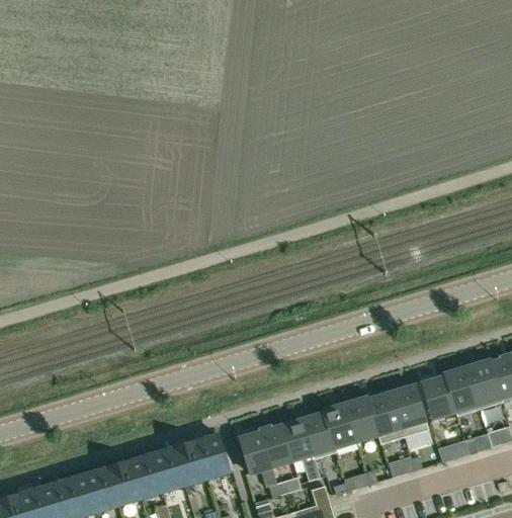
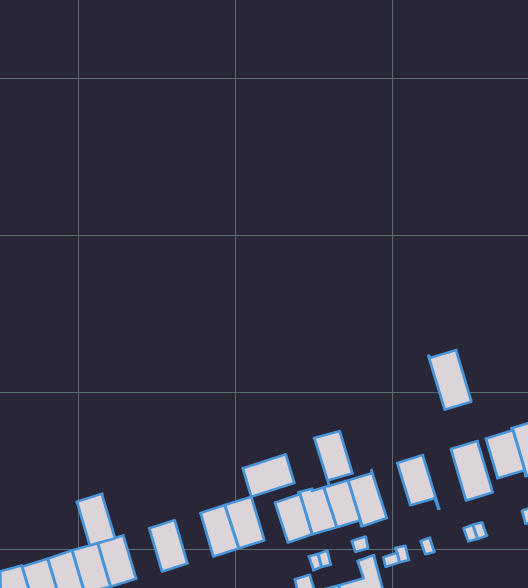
building: [367,392,405,443] -> [428,350,471,410]
building: none -> [243,454,294,497]
building: [323,404,356,451] -> [314,431,353,486]
building: [152,447,185,491] -> none
building: [107,459,141,504] -> [77,494,115,545]

